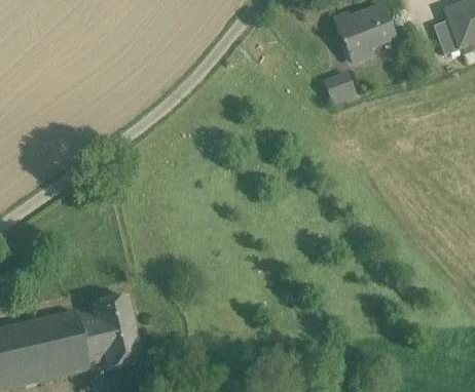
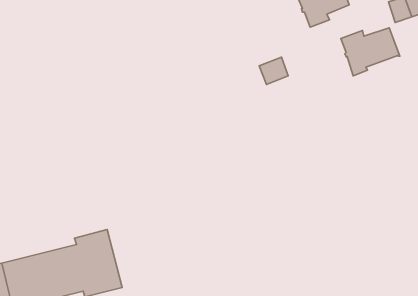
building: none -> [341,28,400,76]
building: [324,77,356,107] -> [259,57,288,84]

